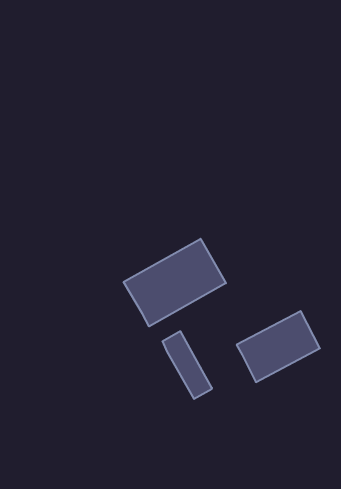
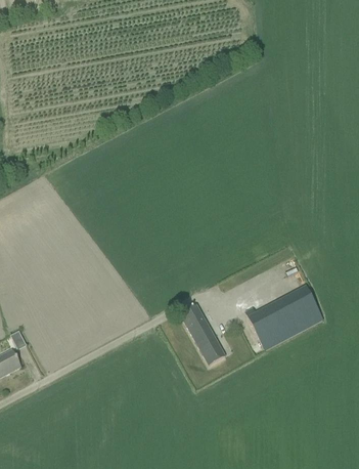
building: [124,239,226,326] -> none

